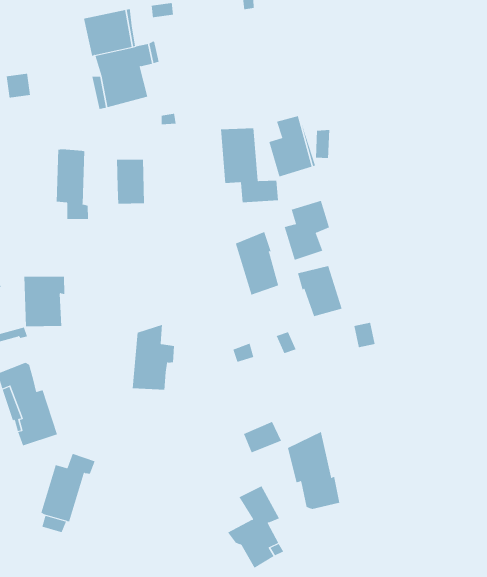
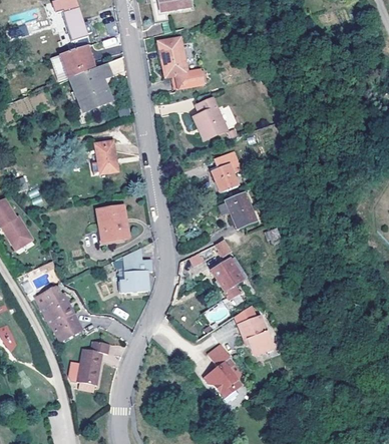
building: [220,128,279,203] -> [157,37,203,87]
building: [56,149,89,220] -> none
building: [235,231,279,295] -> none
building: [23,276,65,327] -> [96,204,126,242]
building: none -> [212,258,243,299]

